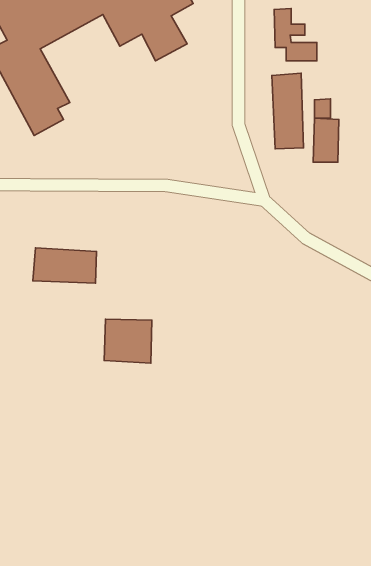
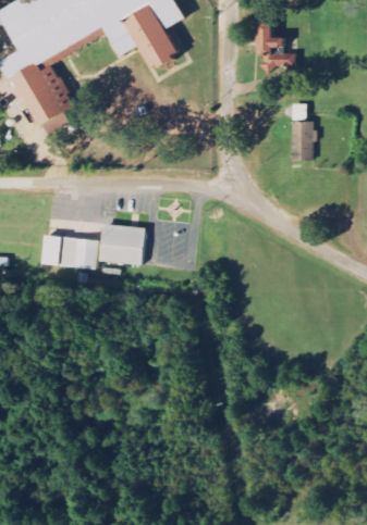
building: [272,73,304,149] -> none
building: [104,319,152,363] -> [100,225,143,264]

